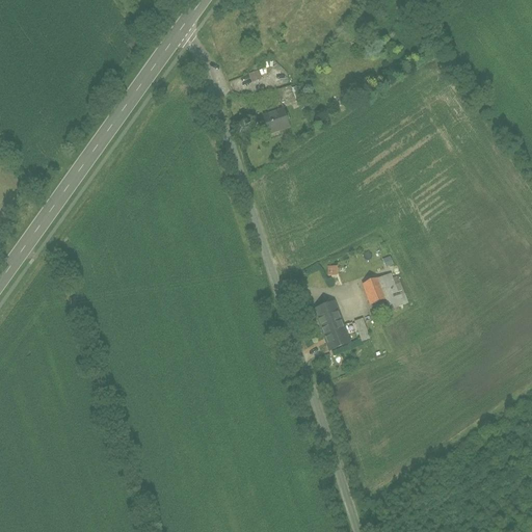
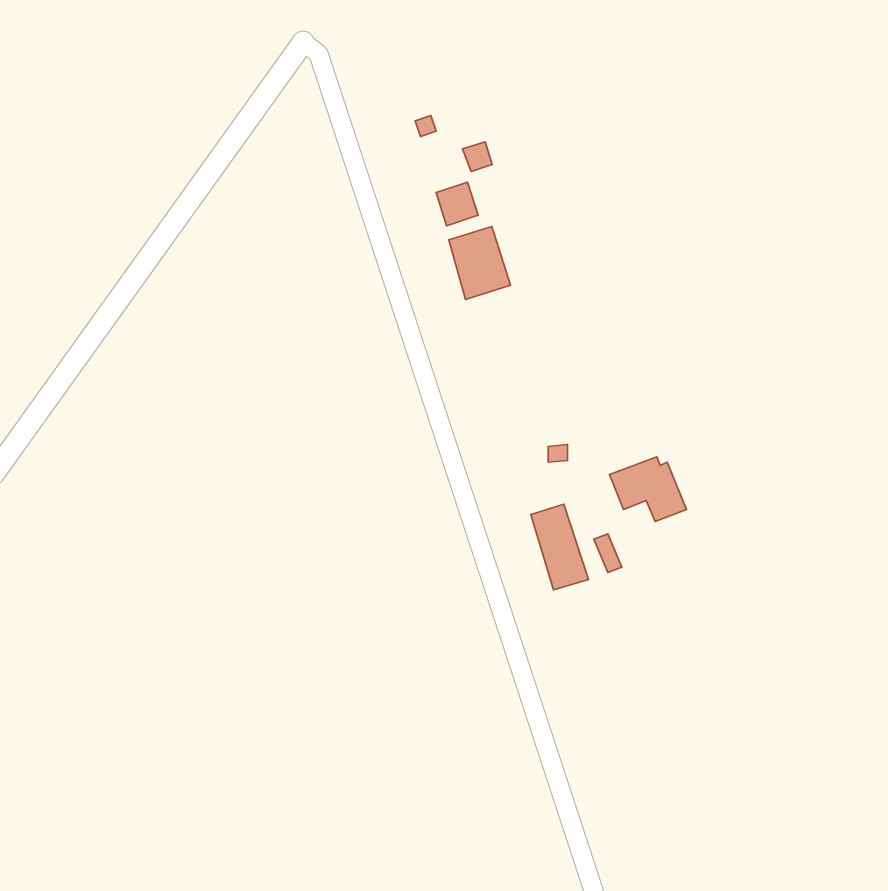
building: none -> [449,226,510,300]

